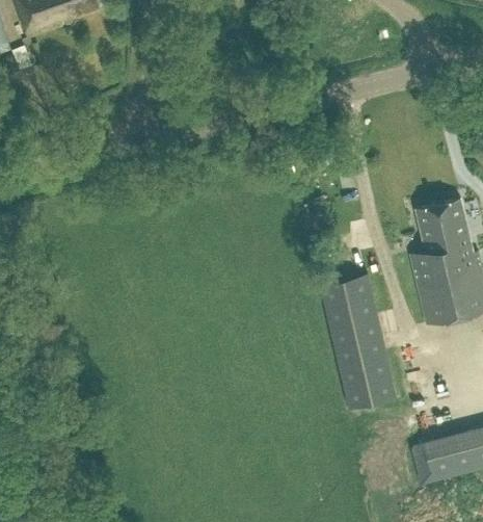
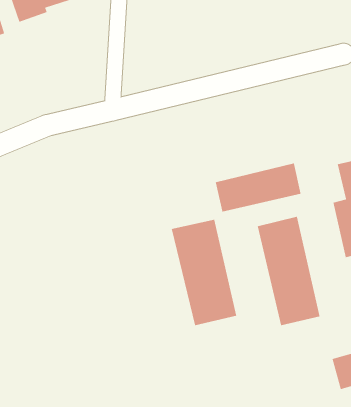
building: none -> [215,162,302,213]
building: none -> [171,219,237,326]

